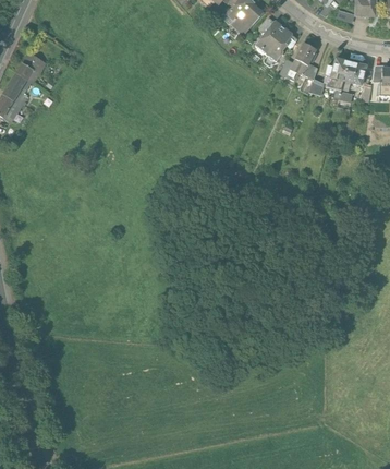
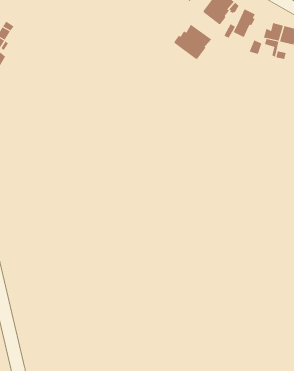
building: none -> [174,24,212,59]

